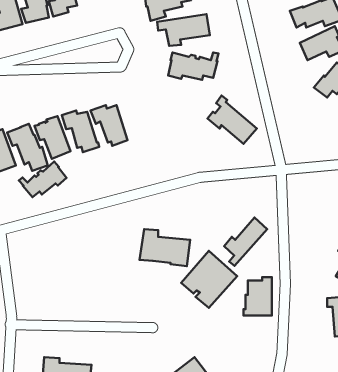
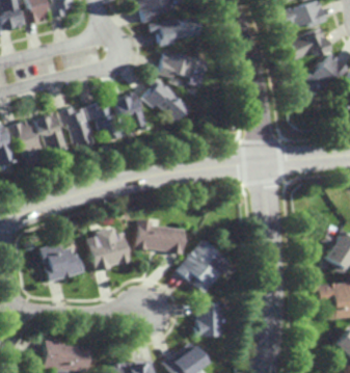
building: none -> [117,91,152,132]
building: [207,96,257,144] -> [146,76,193,122]
building: [19,162,67,197] -> none
building: [224,218,267,266] -> none
building: none -> [89,232,132,271]
building: none -> [43,243,86,283]
building: [243,277,272,316] -> [193,301,220,338]

